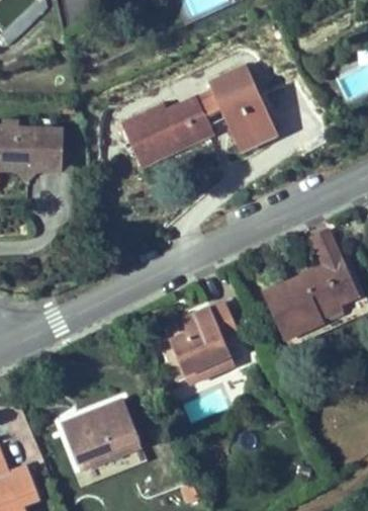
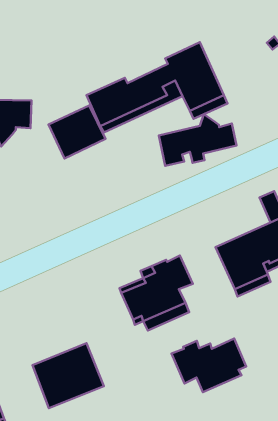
building: none -> [48,106,105,158]
building: none -> [159,114,236,166]
building: none -> [172,338,246,392]

